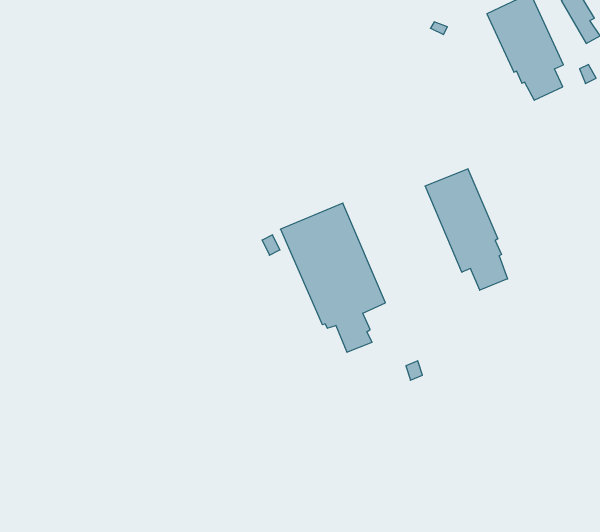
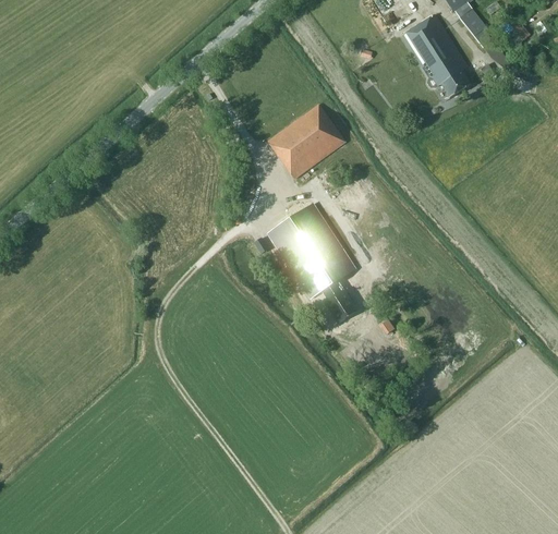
building: none -> [267,105,344,178]
building: [425,169,508,290] -> none

